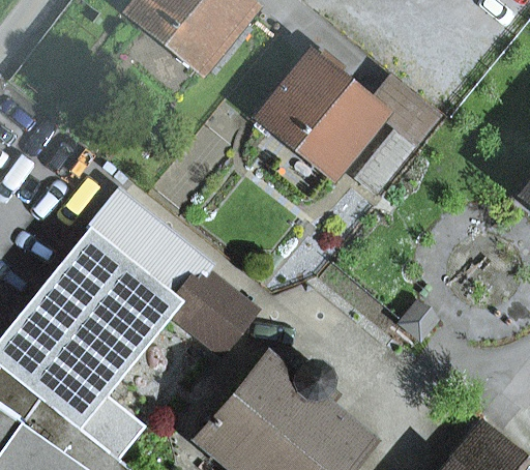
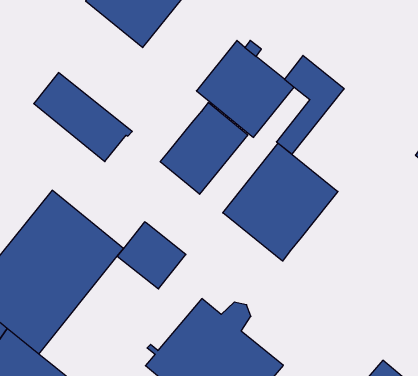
building: none -> [160,102,248,194]
building: none -> [223,143,338,261]
building: [92,198,208,302] -> [34,73,132,162]

